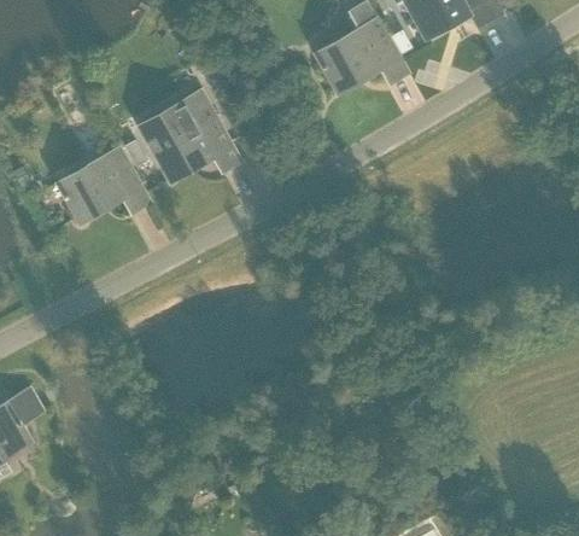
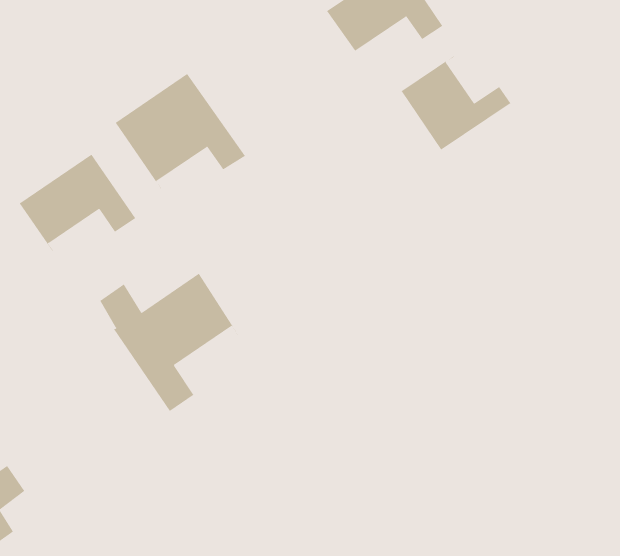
building: none -> [401,55,511,150]
building: none -> [99,273,239,412]

